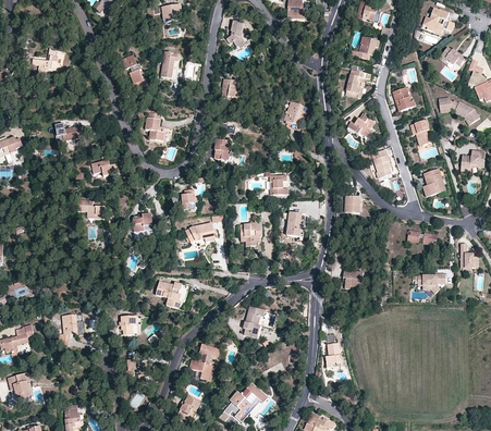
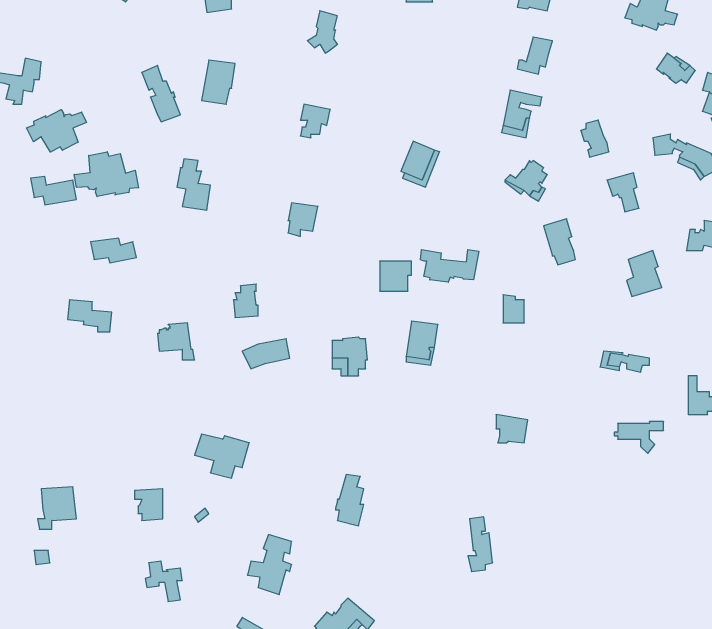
building: none -> [26,110,87,152]
building: none -> [74,152,139,197]
building: none -> [421,250,479,282]

